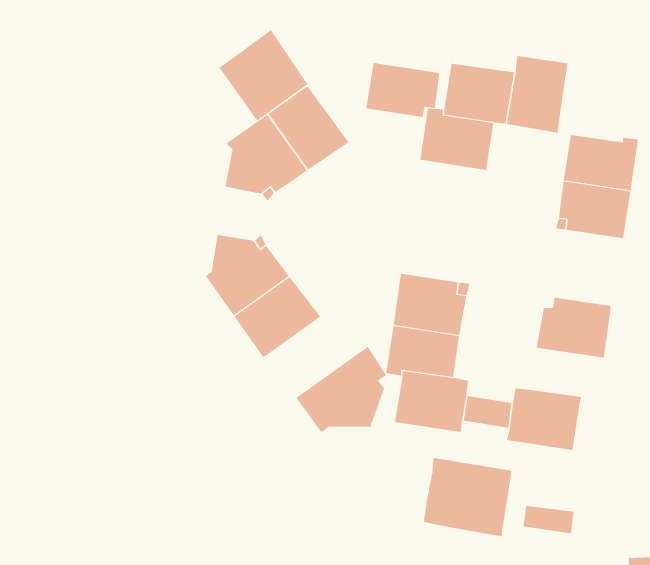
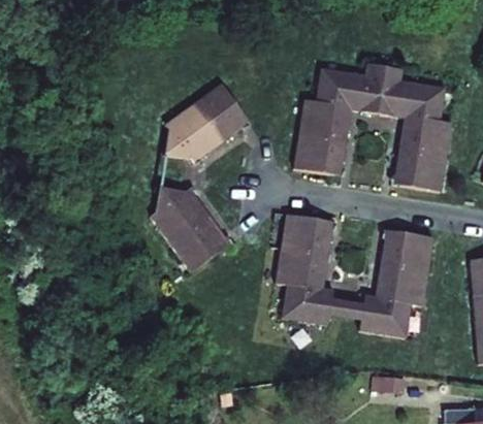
building: [219,29,308,121] -> none
building: [366,62,440,118] -> [294,135,346,173]
building: none -> [395,80,445,123]
building: [296,346,387,433] -> none
building: none -> [376,265,427,305]
building: [424,457,512,537] -> none

